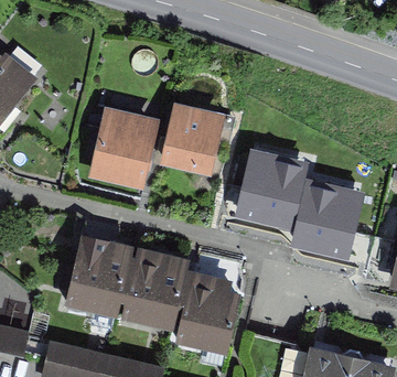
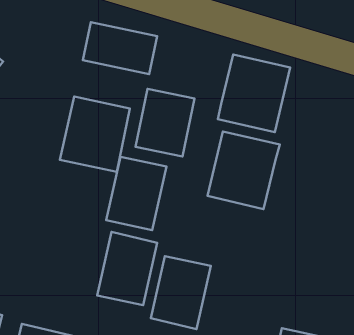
building: none -> [83,22,157,74]
building: [289,177,362,256] -> [218,55,290,132]
building: [68,236,129,310] -> [106,157,166,230]

